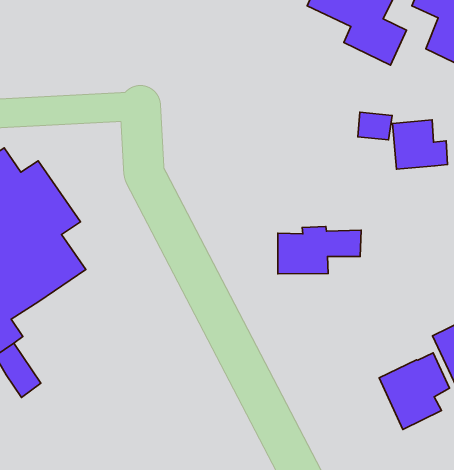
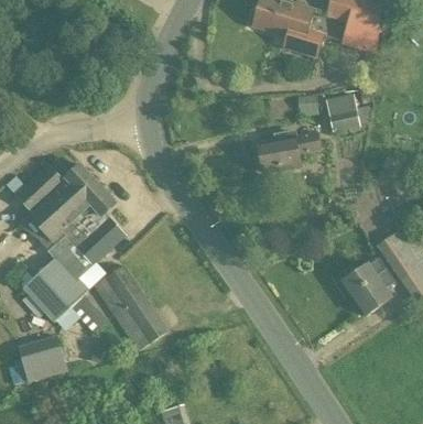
building: [278,226,361,274] -> [259,132,319,172]
building: none -> [94,264,169,351]

